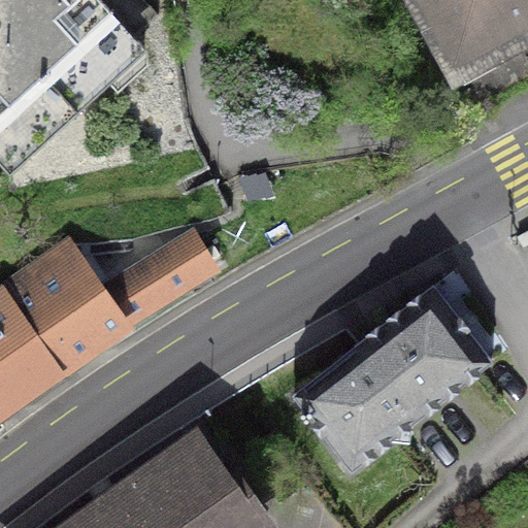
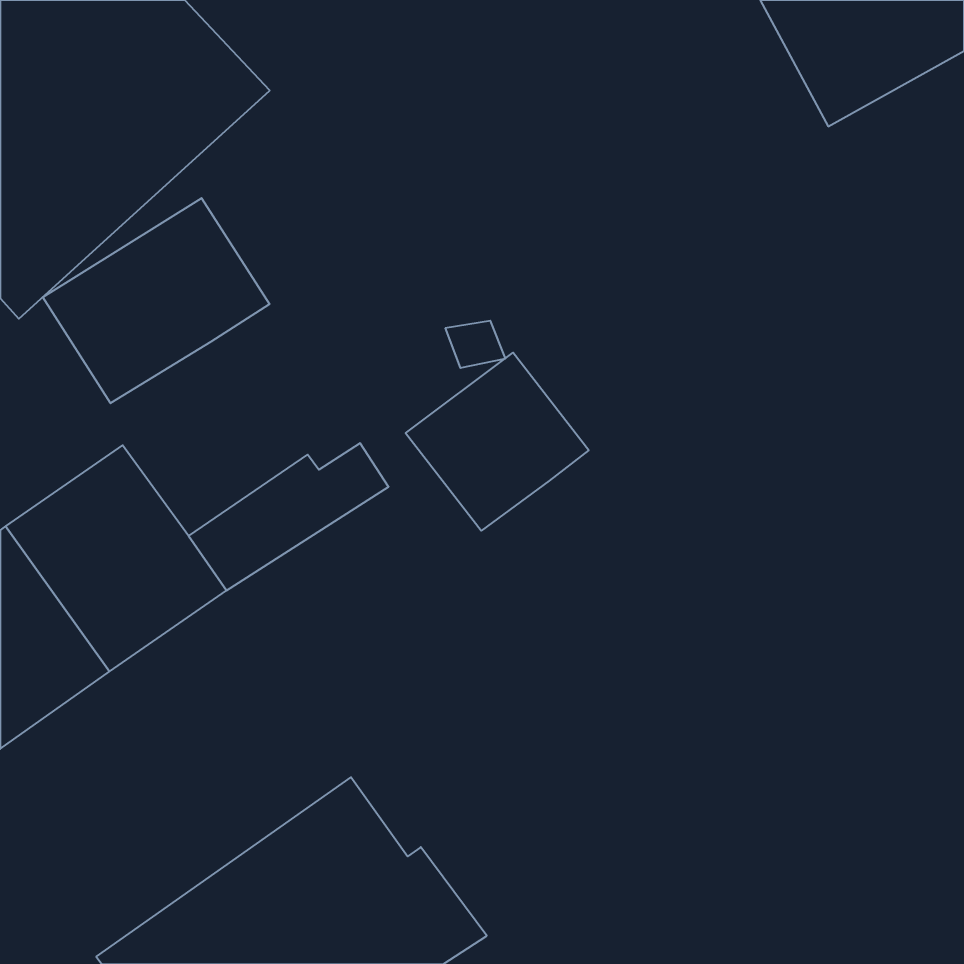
building: none -> [43,198,269,403]
building: none -> [406,353,589,531]
building: [292,285,493,470] -> none

